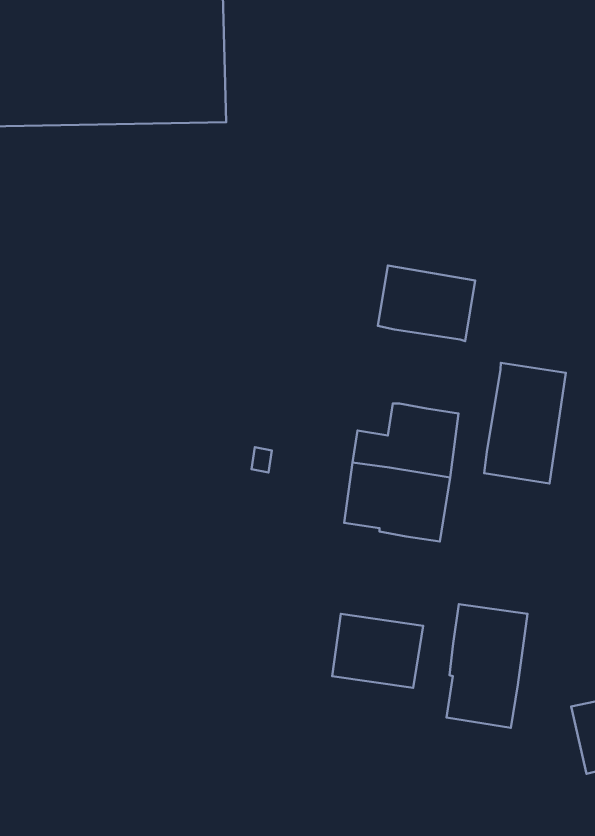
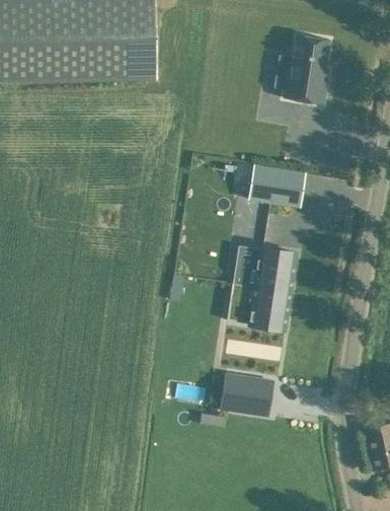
building: none -> [284,33,329,103]
building: [484,363,566,483] -> none
building: [446,604,527,728] -> none

